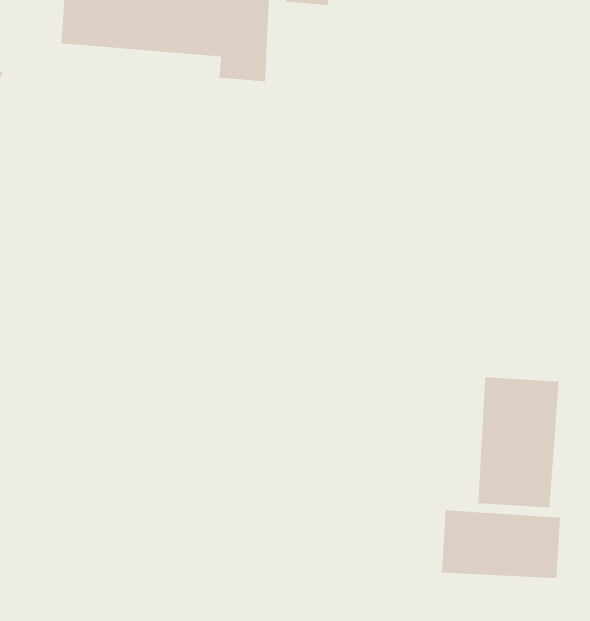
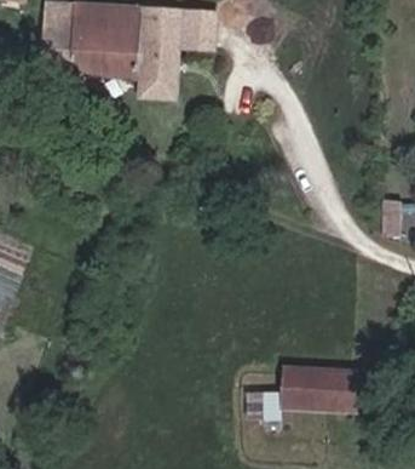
building: [478,377,559,508] -> none

